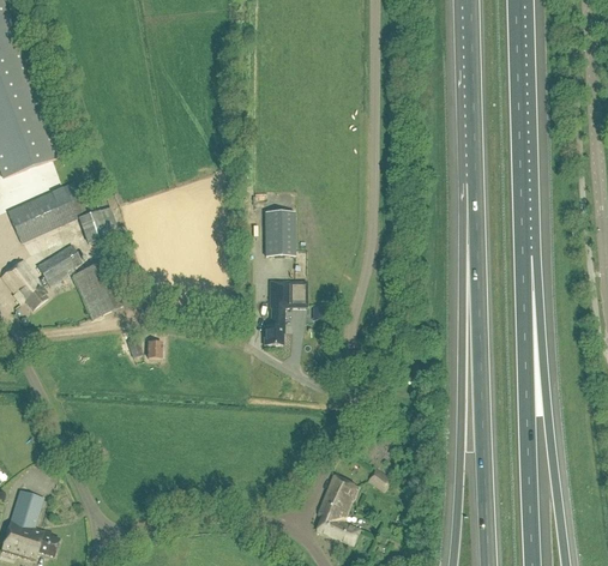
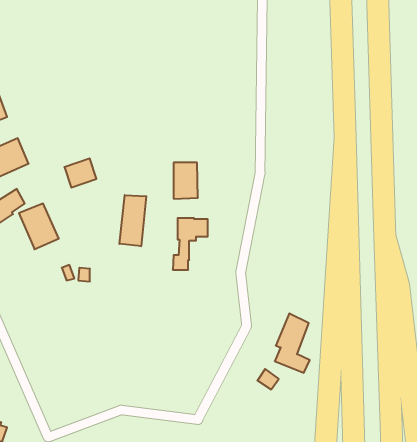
building: [78,207,118,243] -> [64,158,96,188]
building: none -> [119,195,146,246]
building: [317,472,360,546] -> [275,313,310,373]

